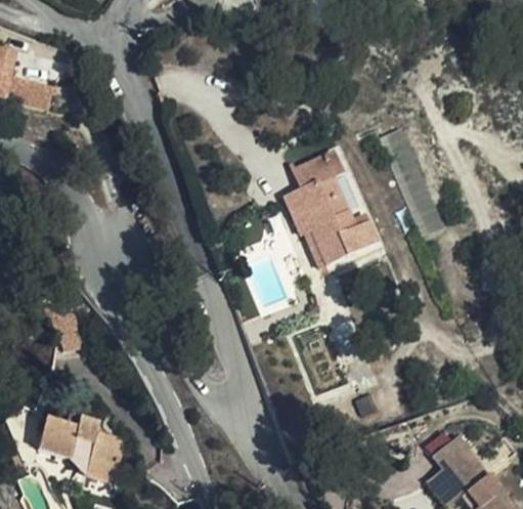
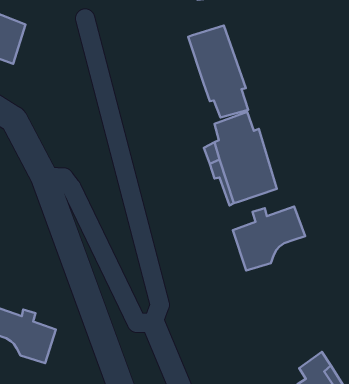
building: none -> [188,25,248,117]
building: none -> [233,207,305,271]

